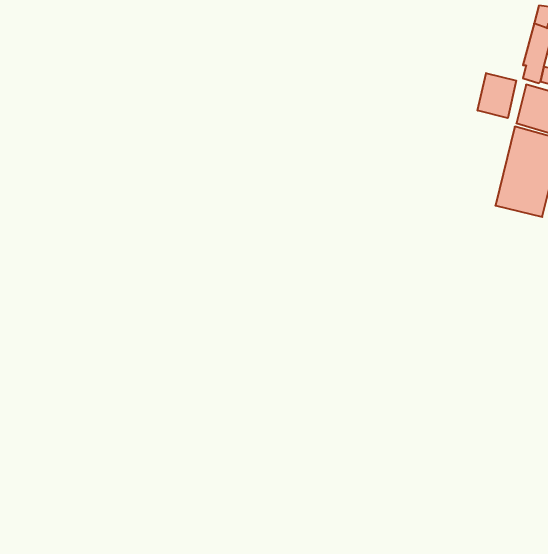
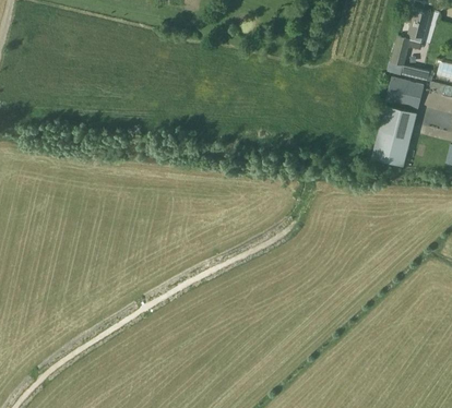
building: [478,73,516,118] -> none

